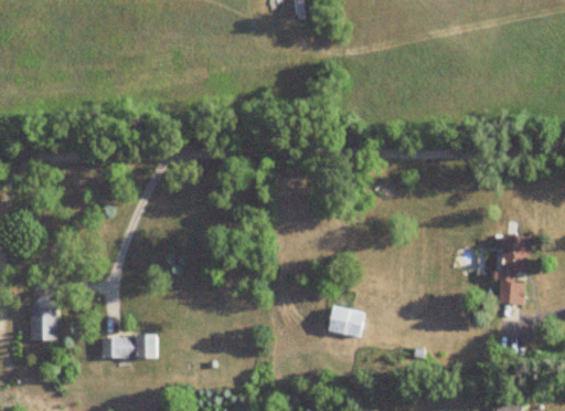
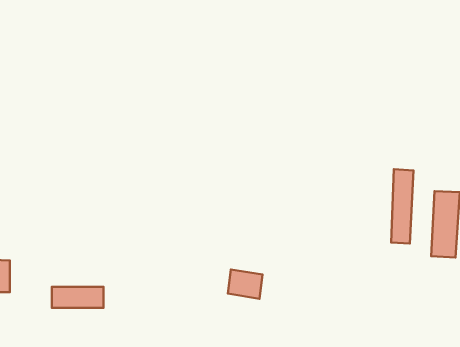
building: none -> [391,169,413,243]
building: [328,306,364,337] -> [228,269,263,299]

